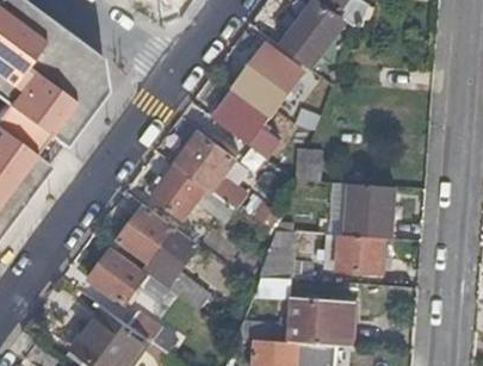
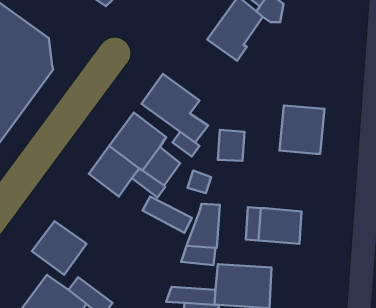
building: [230,46,301,117] -> none
building: [343,186,394,240] -> [279,105,325,154]
building: [116,206,205,310] -> none

